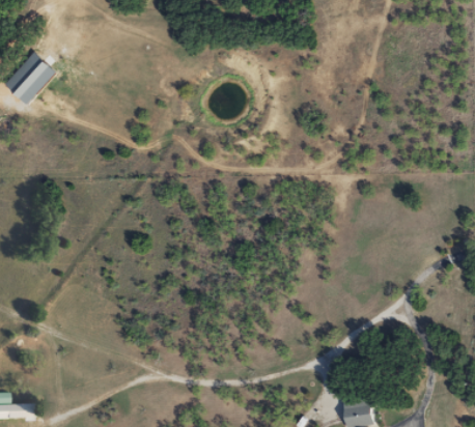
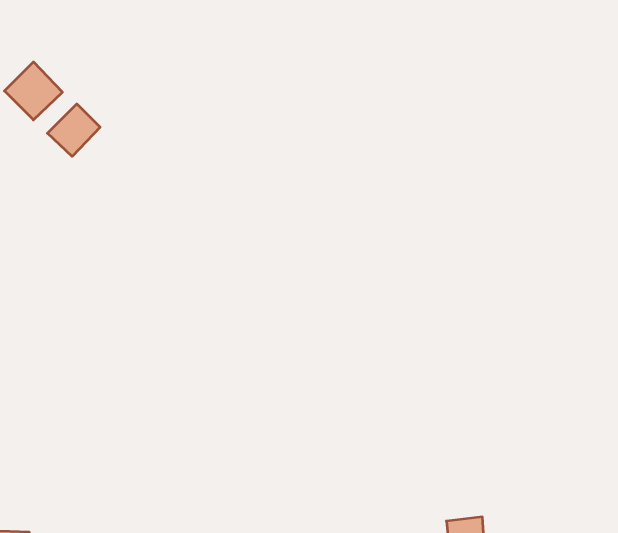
building: none -> [47,104,100,156]

